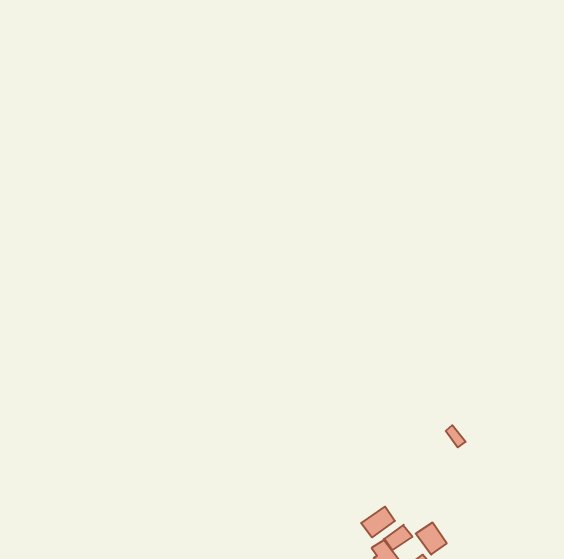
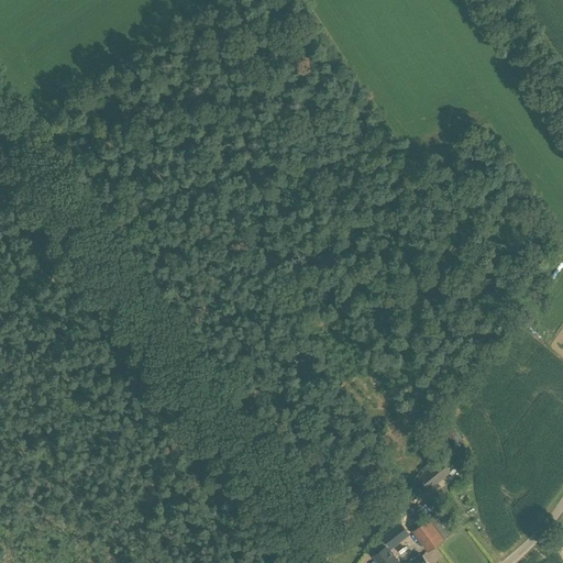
building: none -> [419,460,452,496]
building: [361,507,395,537] -> none

